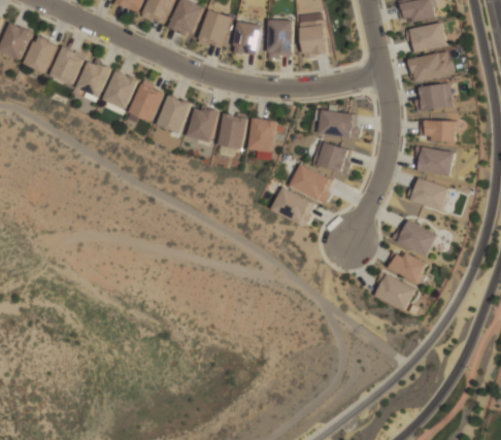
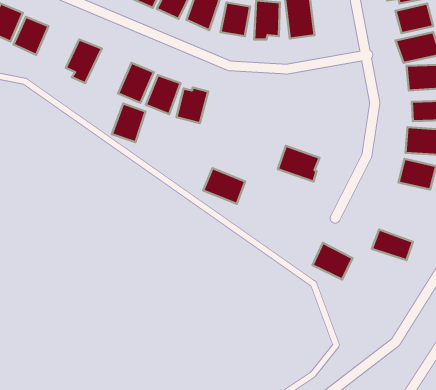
building: [52,45,85,84] -> none
building: [103,70,137,109] -> [112,103,146,142]
building: [320,106,357,137] -> none
building: [220,112,247,148] -> none
building: [249,117,276,151] -> none
building: [318,141,352,173] -> none
building: [271,188,313,224] -> [203,168,245,204]
building: [398,219,438,256] -> none
building: [375,273,415,310] -> [313,243,352,280]

